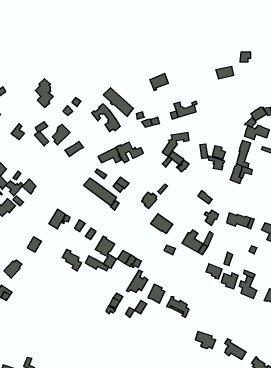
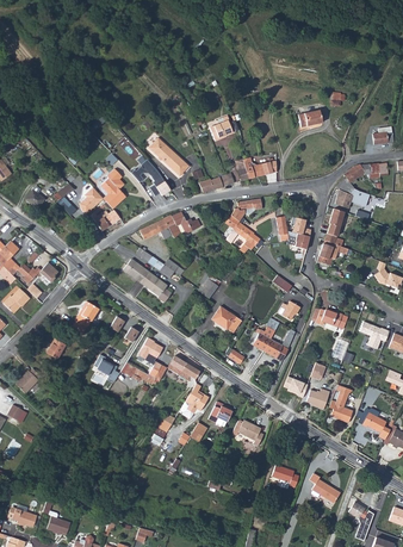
building: [35,79,53,107] -> [101,170,125,209]

